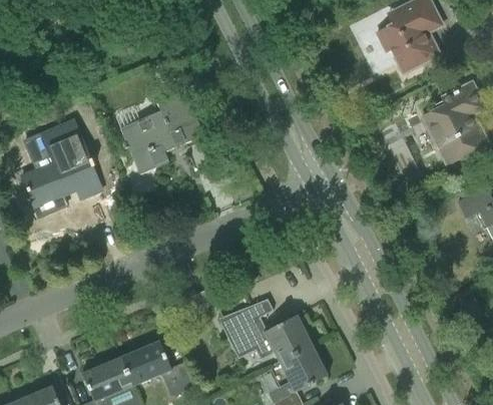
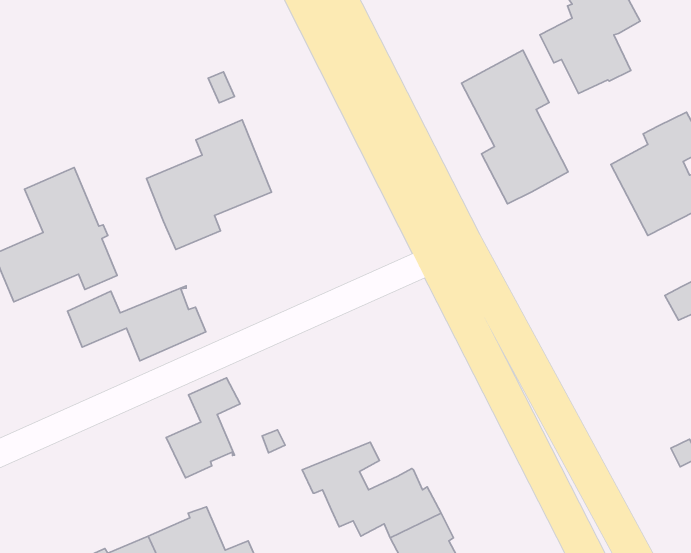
building: none -> [461,50,568,204]
building: none -> [68,286,206,361]
building: none -> [166,378,240,478]

